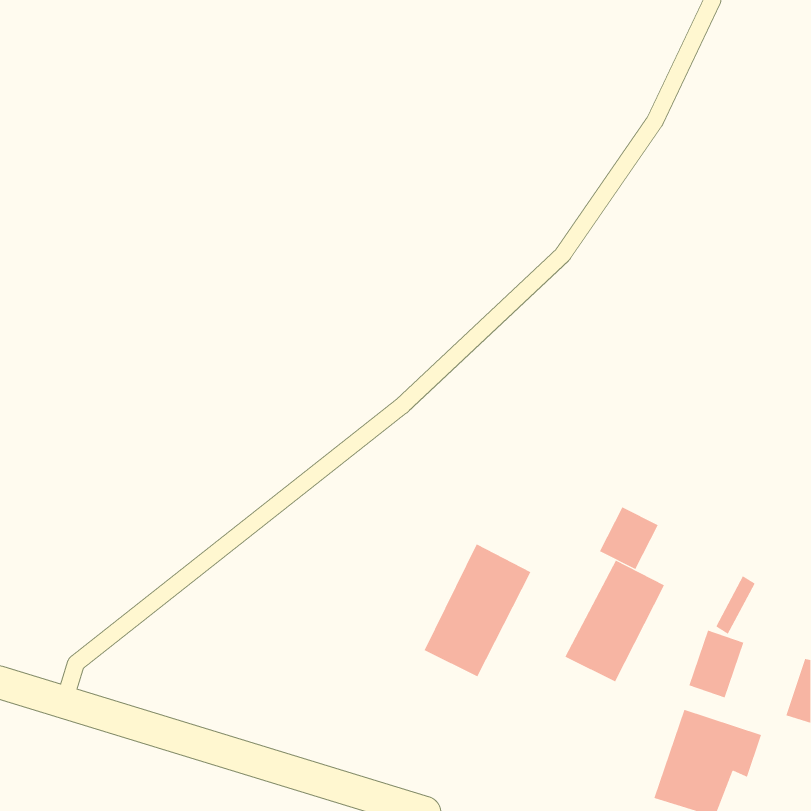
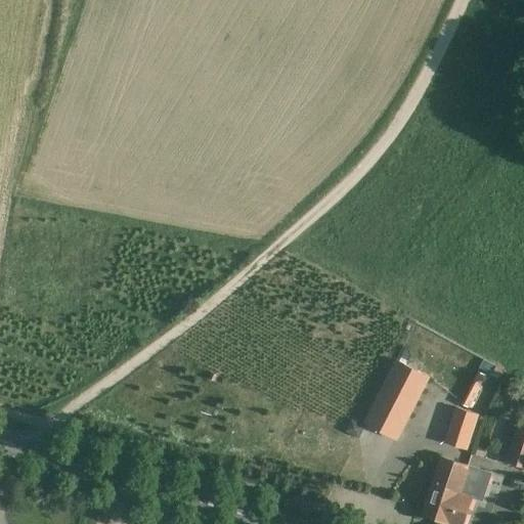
building: [599,507,658,570] -> none
building: [424,544,531,677] -> none

